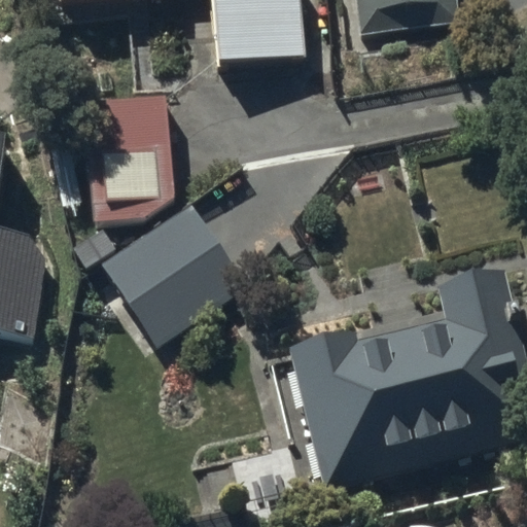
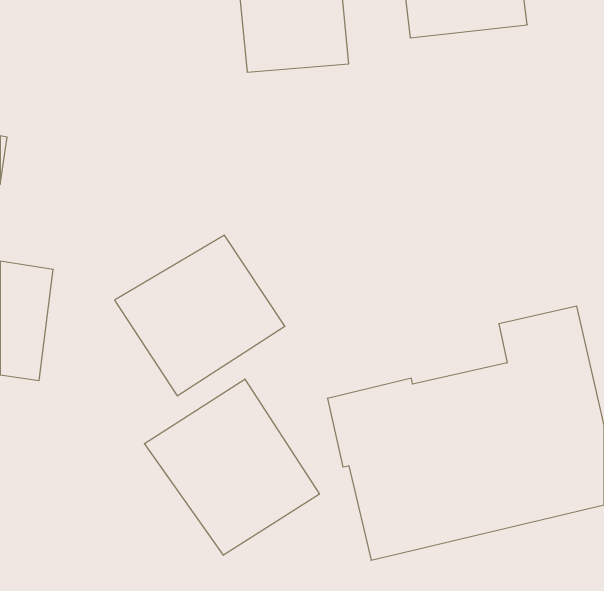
building: [83,100,173,221] -> none
building: none -> [144,379,319,555]

